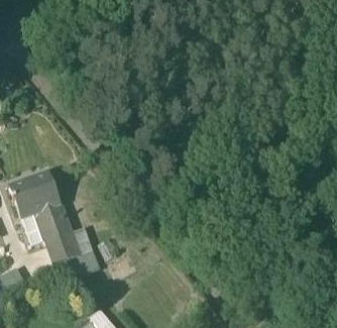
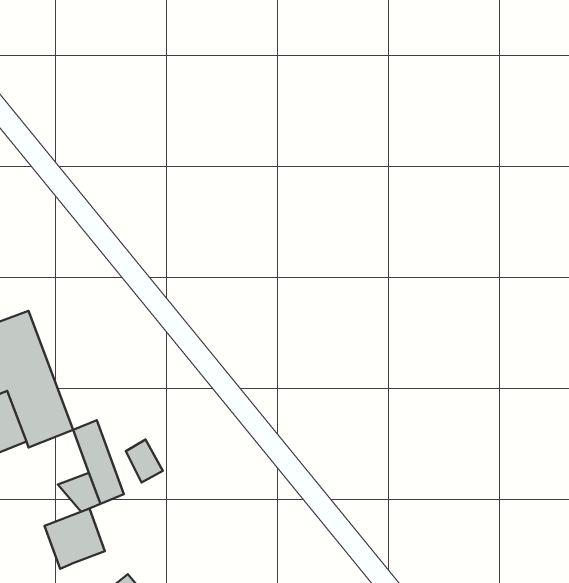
building: [46,233,78,264] -> [45,508,105,569]

